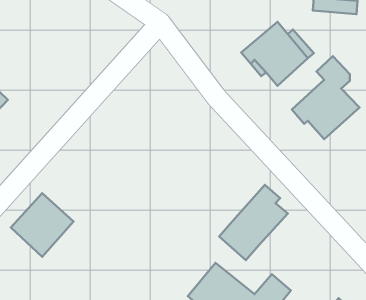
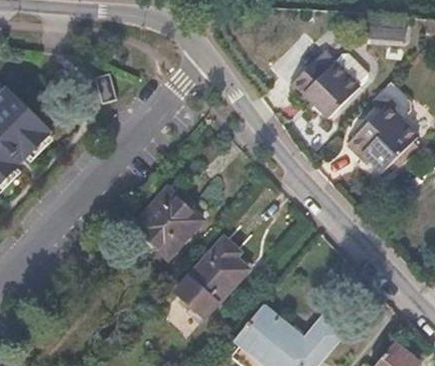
building: [219,185,288,260] -> [175,237,248,317]
building: [11,193,74,257] -> [135,187,201,254]

